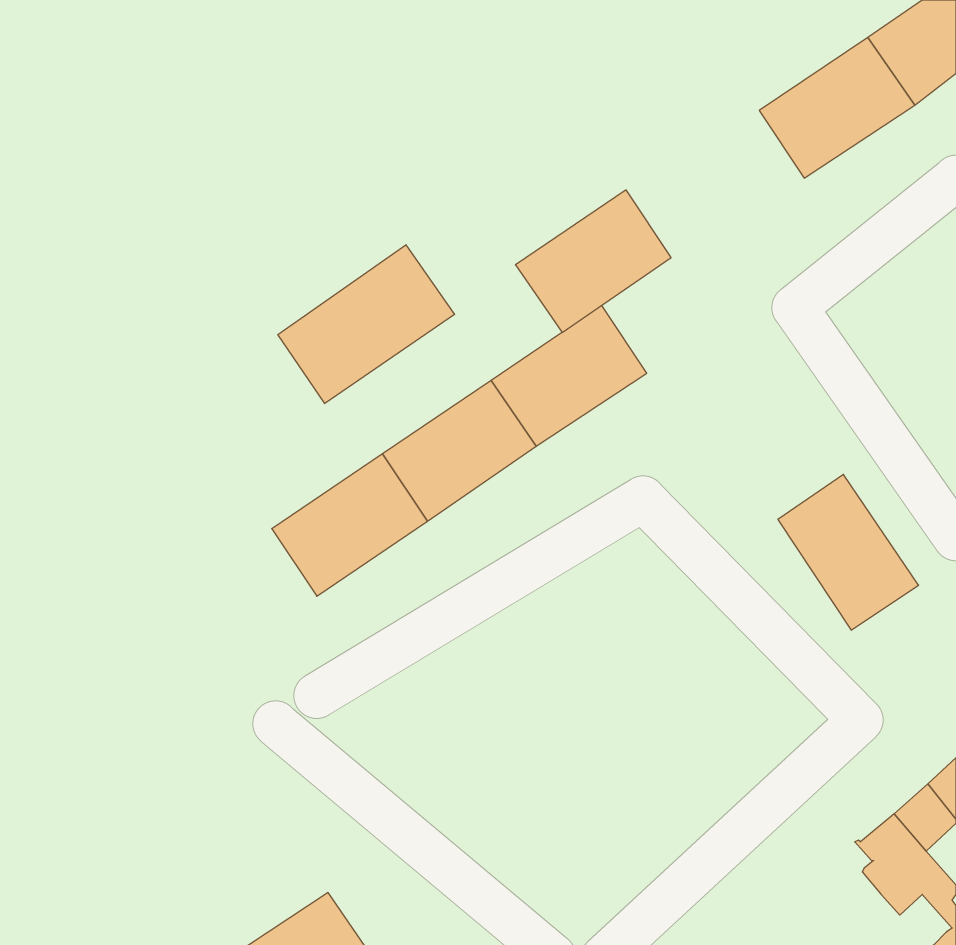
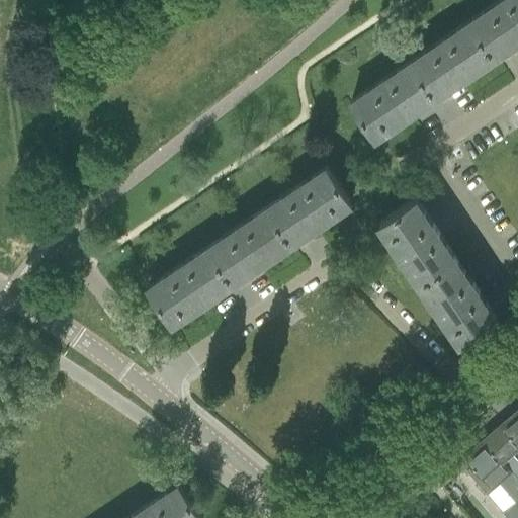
building: [515,190,671,332] -> [350,67,434,144]
building: [278,245,455,404] -> none
building: none -> [379,203,455,287]

